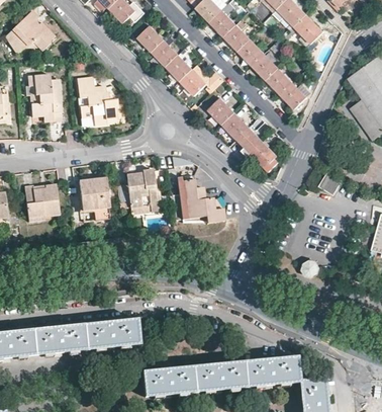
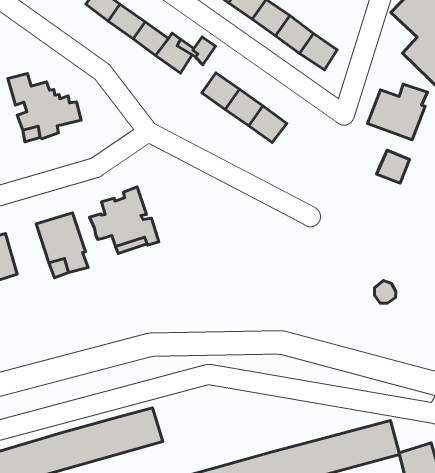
building: none -> [367,84,427,140]
building: [251,142,277,171] -> none
building: [178,177,224,220] -> none

